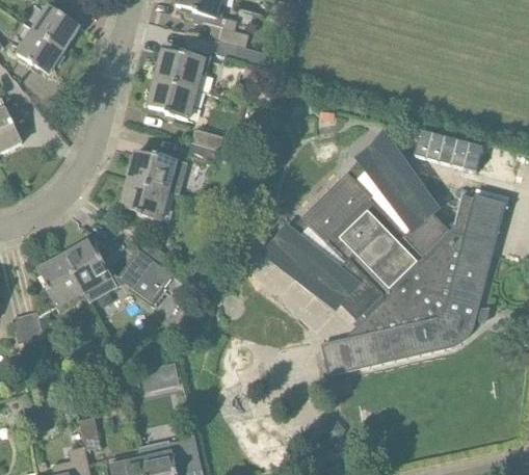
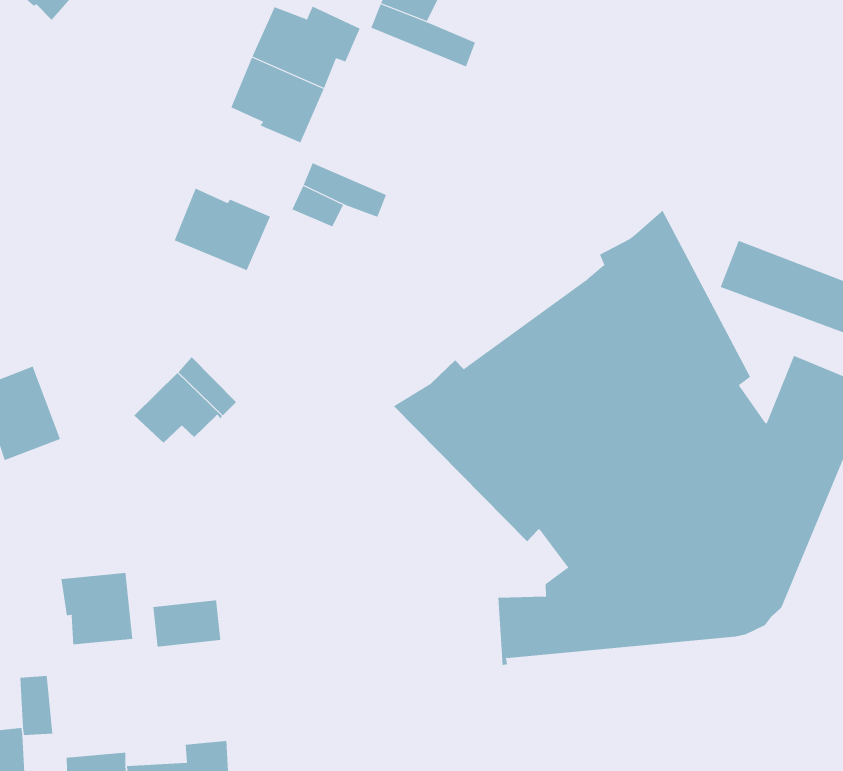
building: [122,179,169,220] -> none
building: [64,240,123,293] -> none
building: none -> [61,572,133,645]

